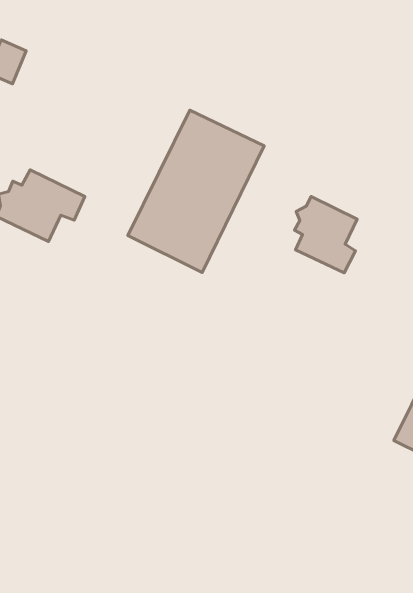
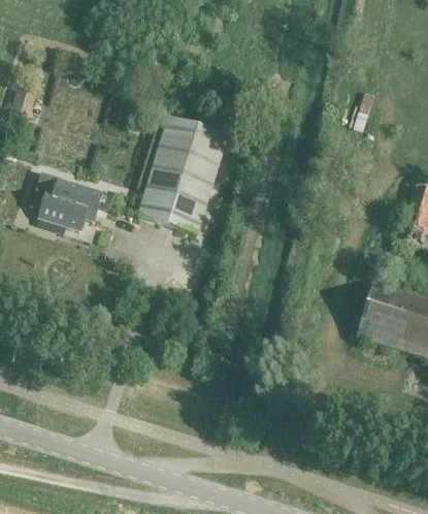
building: [295,197,357,273] -> none

